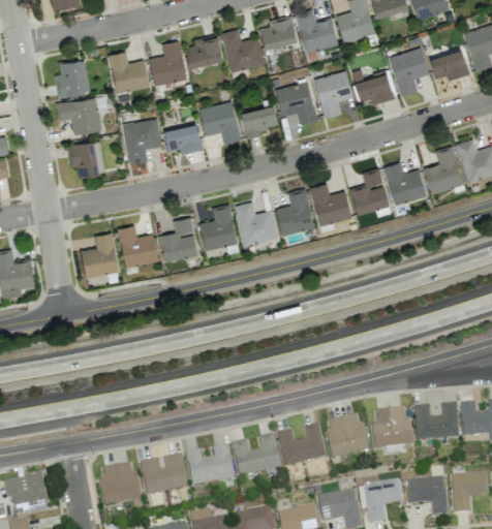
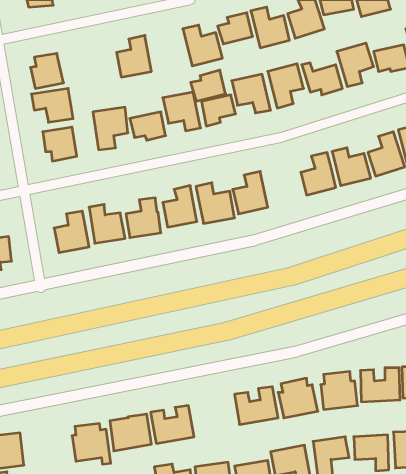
building: [185,34,223,68] -> [191,70,226,101]
building: [110,52,150,94] -> none
building: [310,184,352,226] -> none
building: [233,435,280,476] -> none

